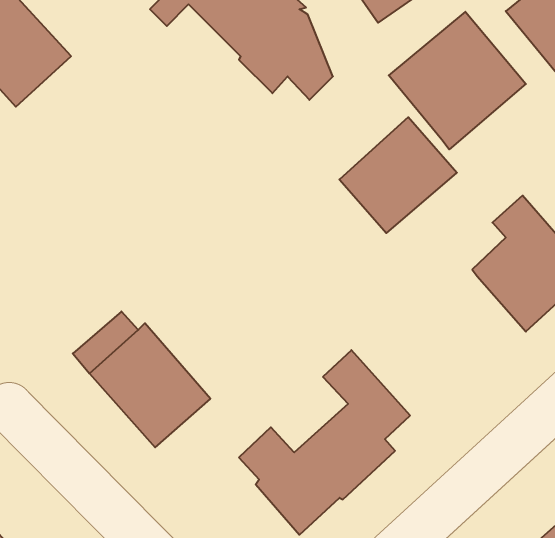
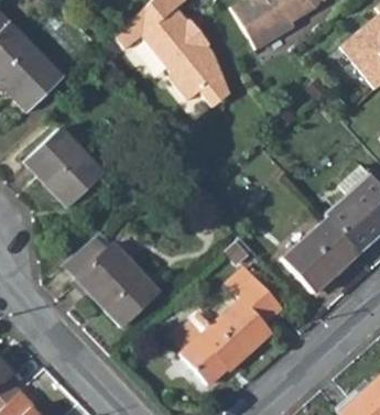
building: [389,12,526,149] -> none
building: [339,117,457,233] -> [281,217,358,293]
building: none -> [26,134,98,207]

